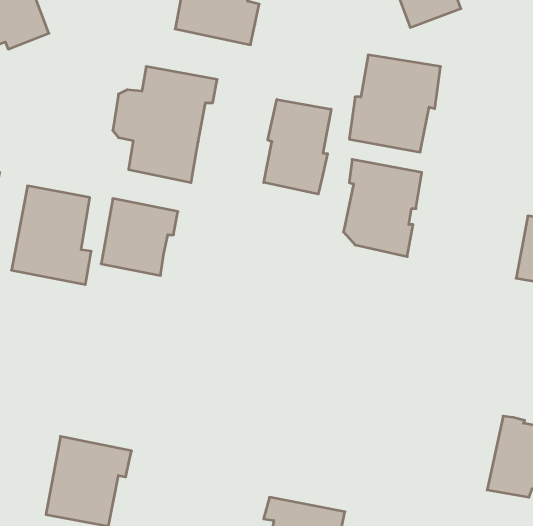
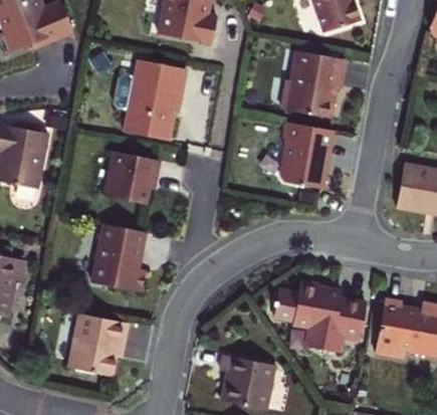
building: [264,99,331,194] -> none
building: [11,186,91,285] -> [94,223,150,291]
building: none -> [274,280,366,353]

